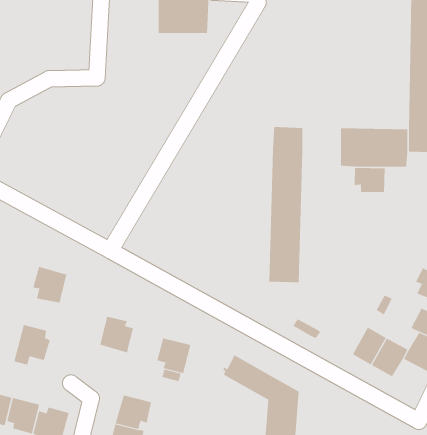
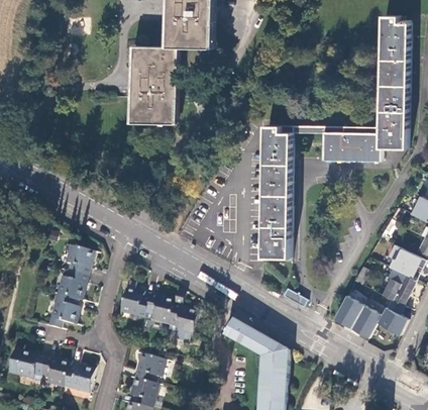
building: none -> [132,46,176,123]
building: [354,167,385,193] -> none
building: none -> [55,270,86,300]
building: none -> [144,293,174,324]

